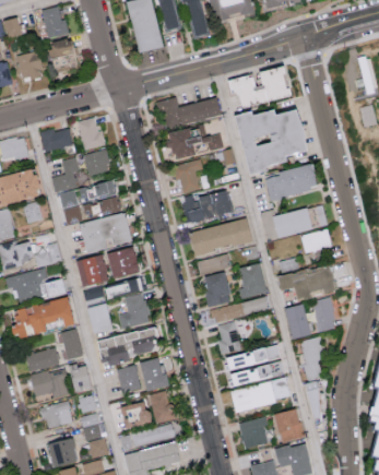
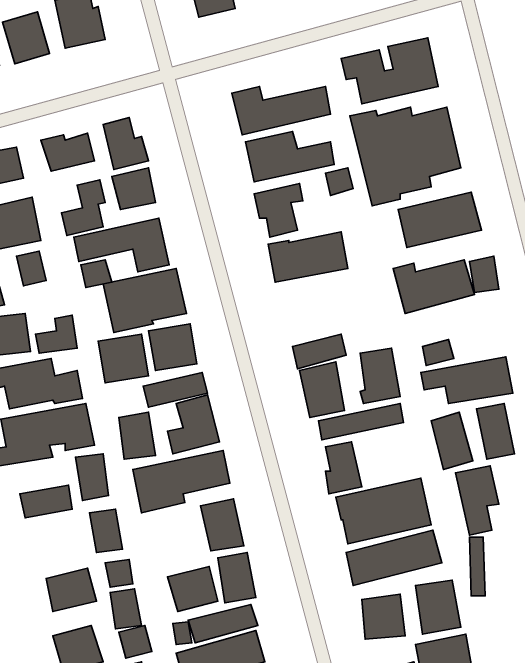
building: [189,218,252,254] -> none
building: [301,230,332,253] -> none
building: [119,366,140,392] -> none
building: [31,368,71,399] -> none

